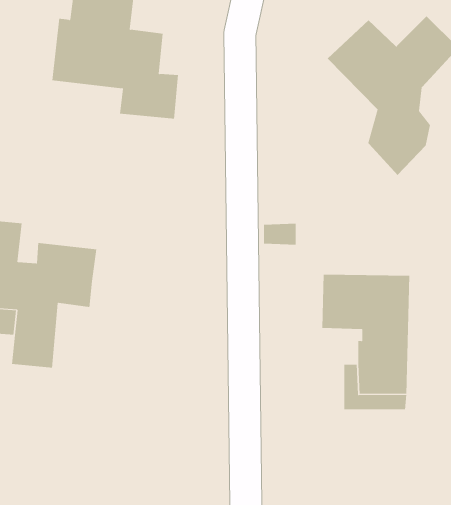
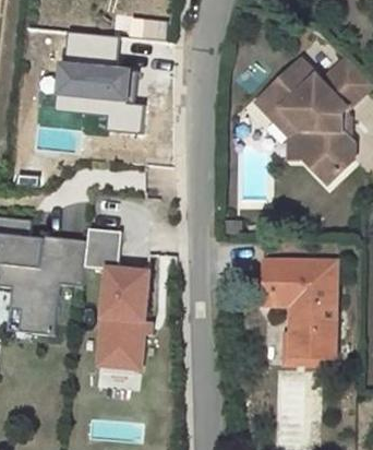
building: none -> [254,88,306,156]
building: none -> [83,224,149,366]

